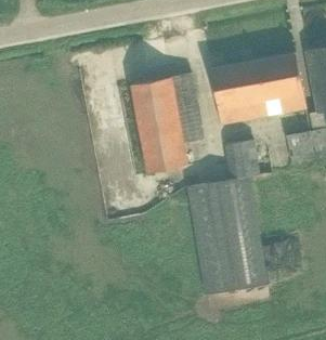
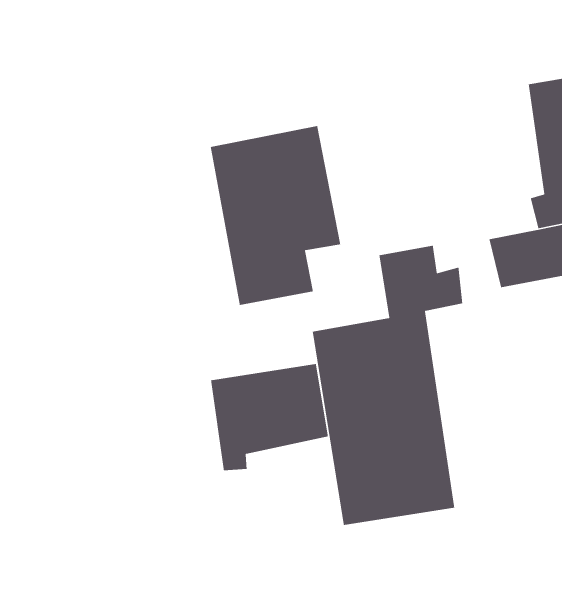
building: [209,53,305,123] -> none
building: none -> [210,363,329,471]

